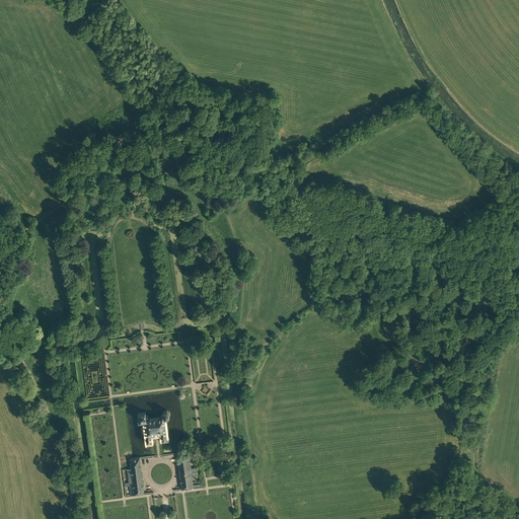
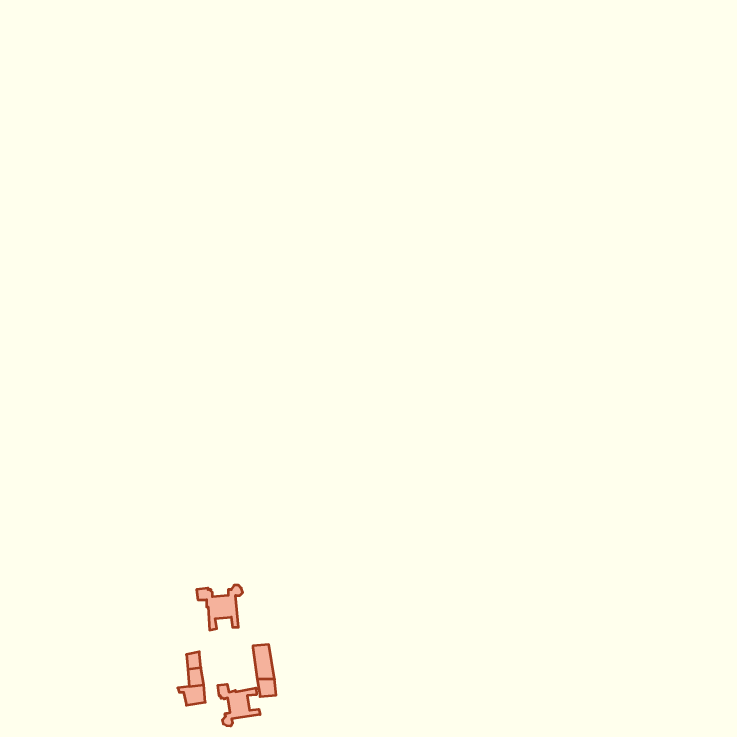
building: none -> [218,684,260,726]

